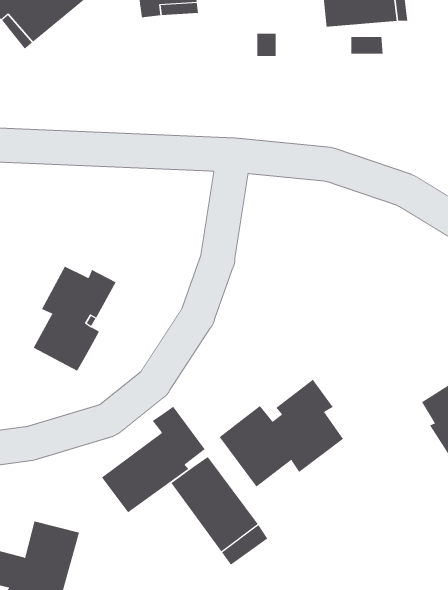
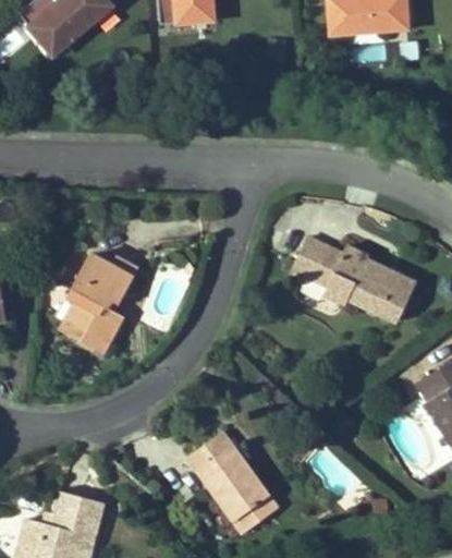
building: none -> [292,236,415,320]
building: [219,379,344,488] -> none
building: [101,406,205,513] -> none

